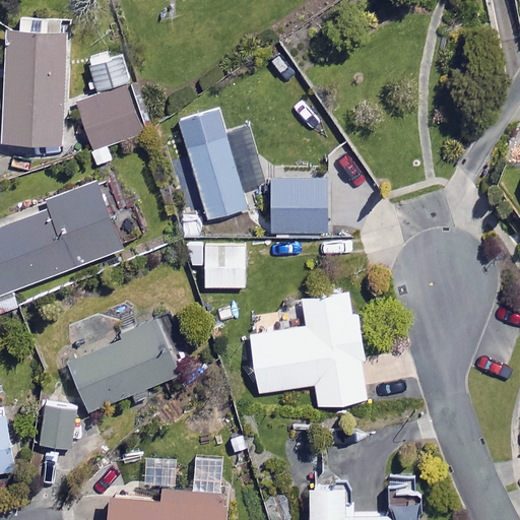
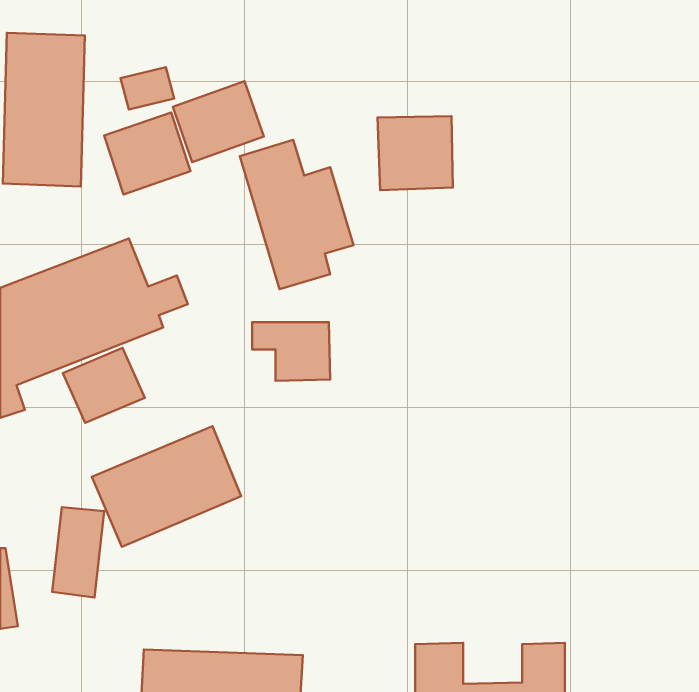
building: none -> [173,81,264,162]
building: [270,180,326,235] -> [378,116,453,190]
building: none -> [63,348,145,423]
building: [250,291,369,407] -> none

